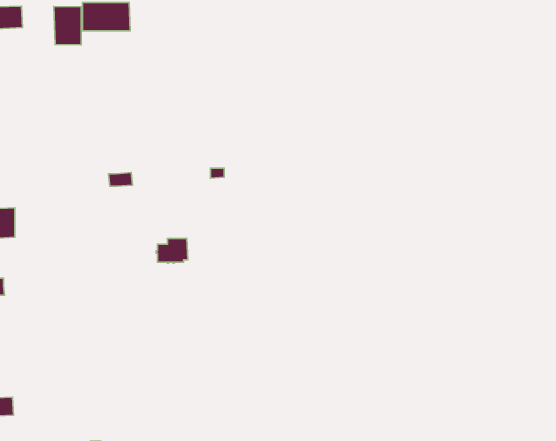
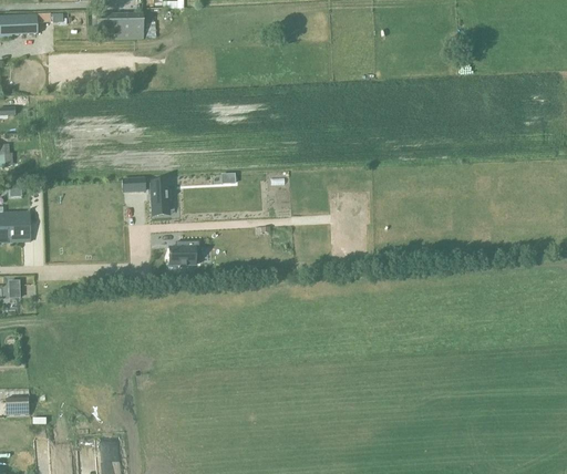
building: [54,7,81,45] -> none
building: none -> [150,181,169,210]

